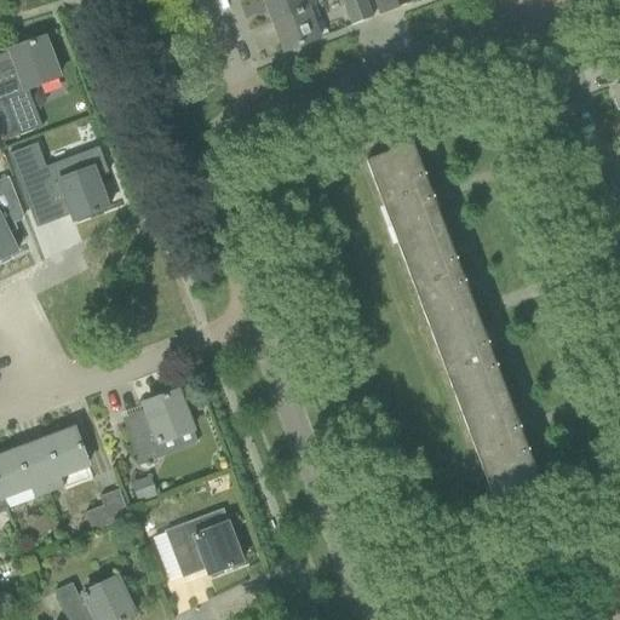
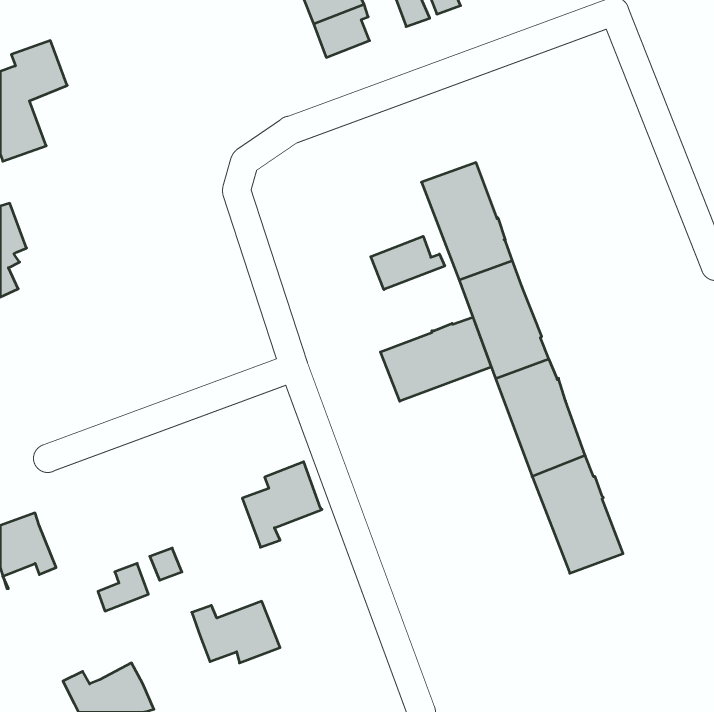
building: [10,140,109,218] -> none
building: none -> [371,236,445,290]
building: none -> [380,317,491,401]
building: [125,388,194,461] -> [242,462,322,547]
building: [31,426,90,490] -> none

